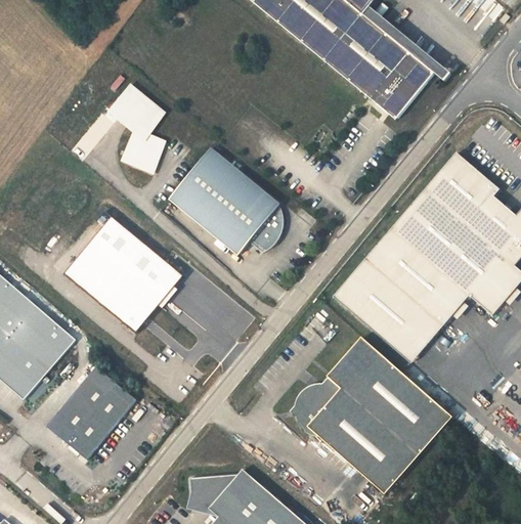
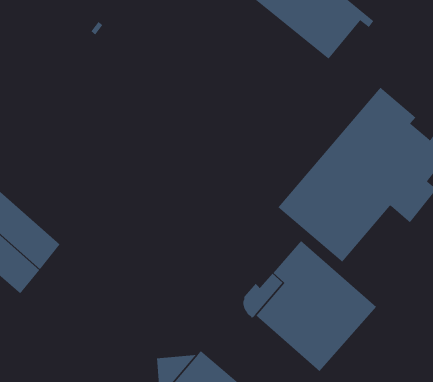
building: [110,84,164,171] -> none
building: [169,147,281,254] -> none
building: [64,216,183,333] -> none
building: [45,365,135,458] -> none

